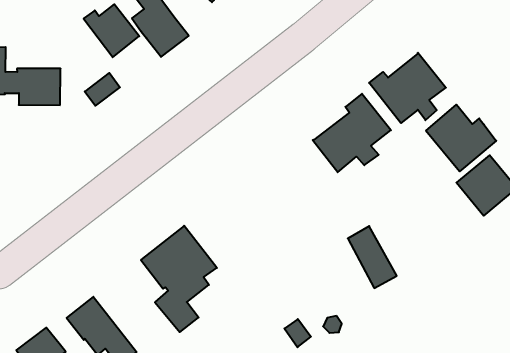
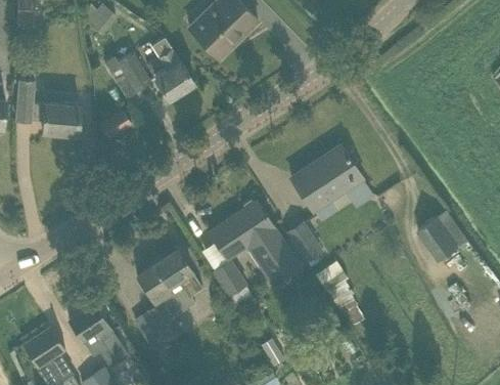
building: [369,53,446,123] -> none
building: [426,105,496,171] -> none
building: none -> [210,200,301,297]
building: none -> [285,220,323,261]

